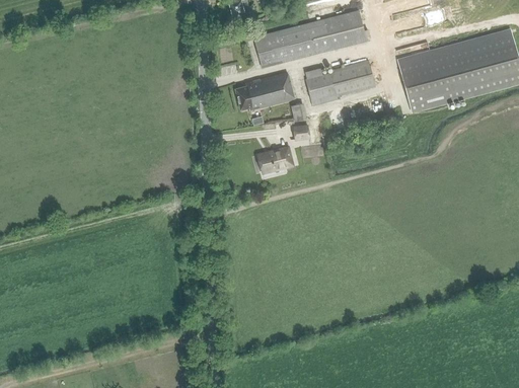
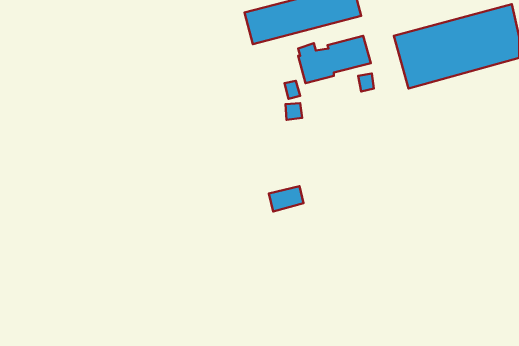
building: [235,73,294,109] -> none
building: [258,148,292,172] -> [269,186,304,212]

